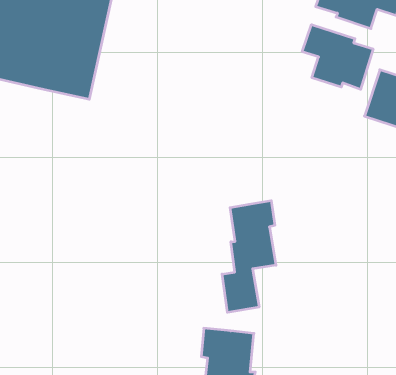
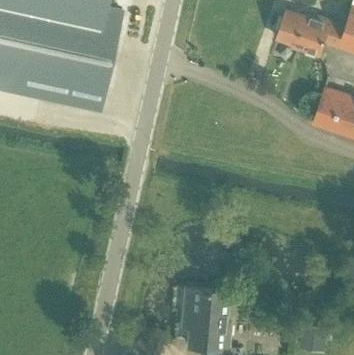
building: [302,25,373,89] -> none
building: [222,201,276,312] -> none

